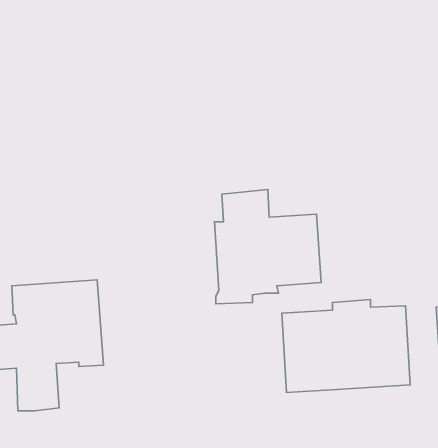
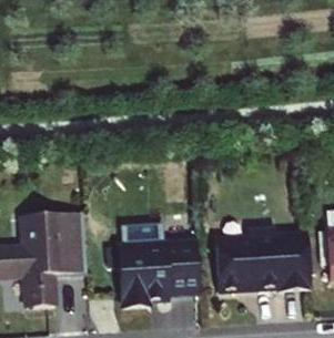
building: [214,190,321,304] -> [120,225,198,308]

